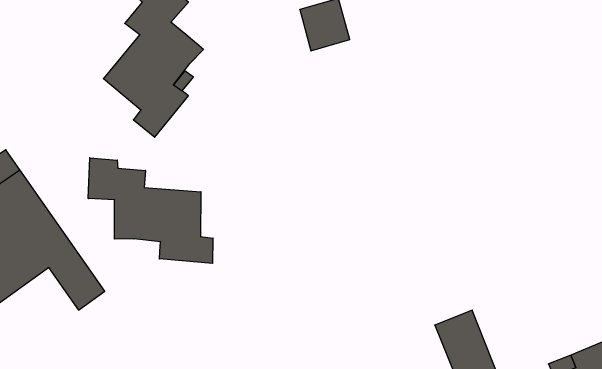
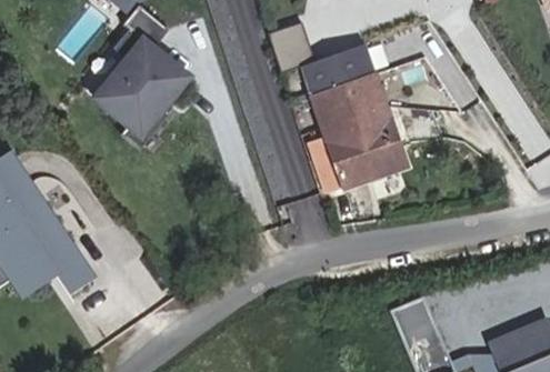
building: none -> [297,46,402,188]
building: [88,158,213,263] -> none

